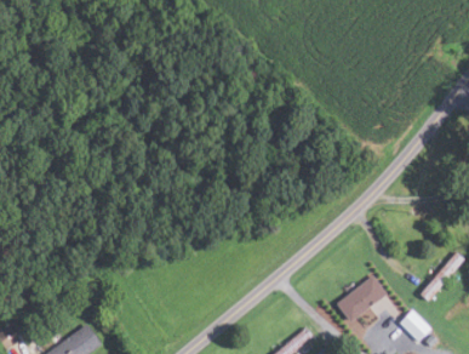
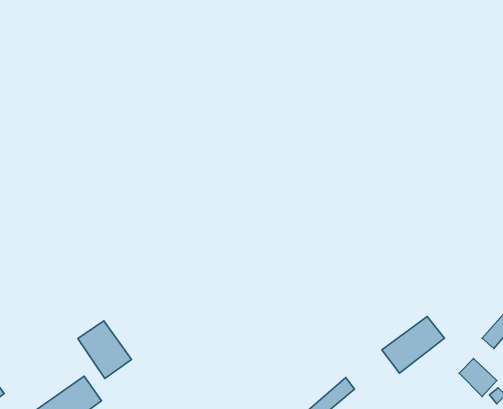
building: none -> [78,321,132,379]

